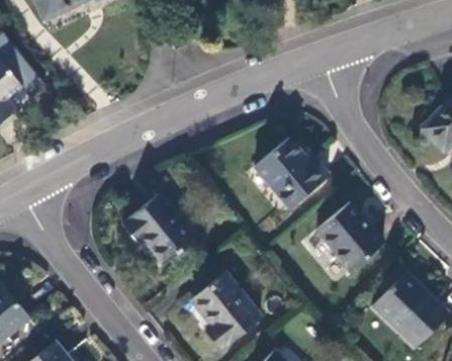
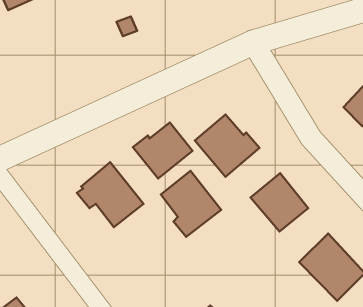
building: none -> [133,123,192,178]
building: [193,273,261,347] -> [161,171,221,237]

